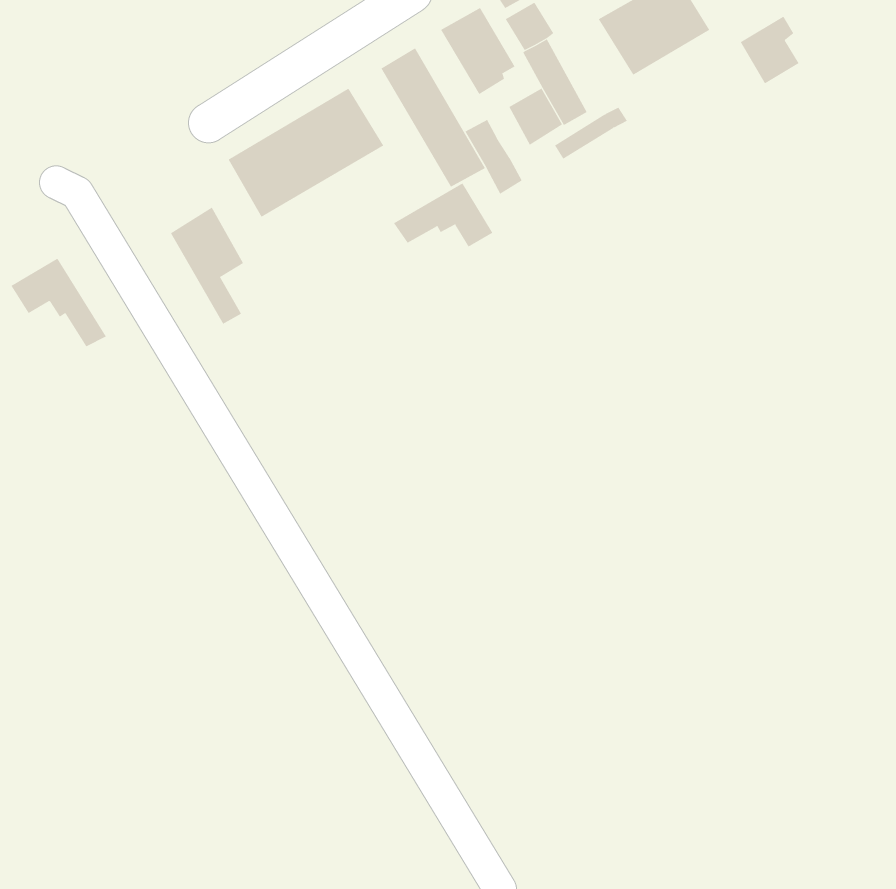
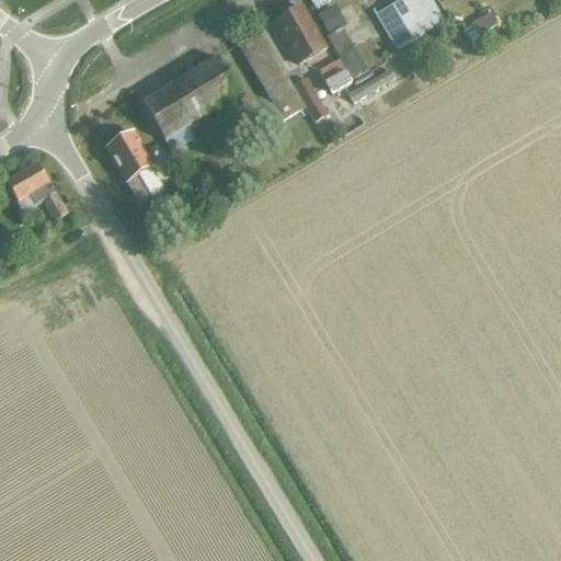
building: [393,182,493,247] -> none

